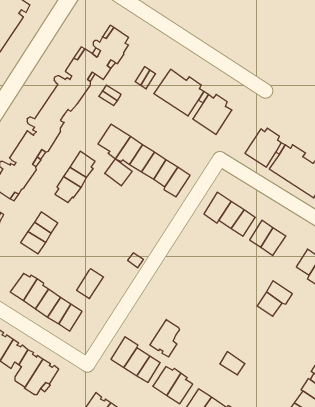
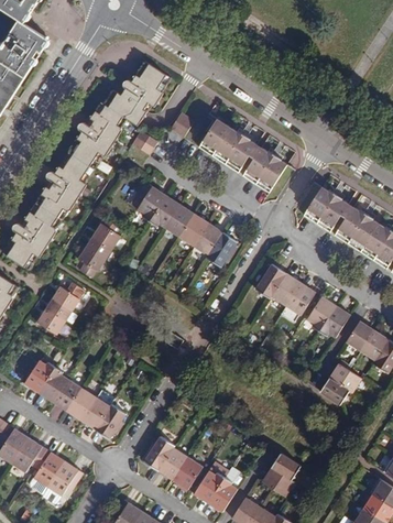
building: [105,159,132,186] -> none
building: none -> [346,319,375,350]
building: [77,269,104,299] -> [95,401,127,436]
building: [150,319,180,357] -> none
building: none -> [262,465,296,494]

